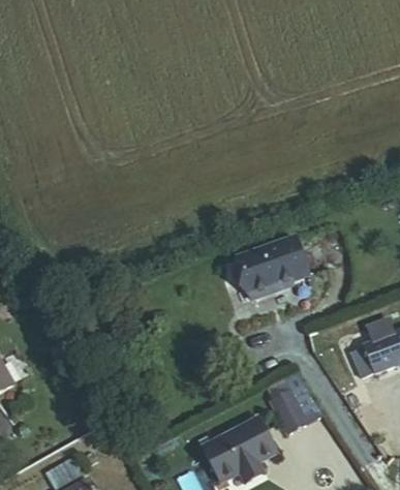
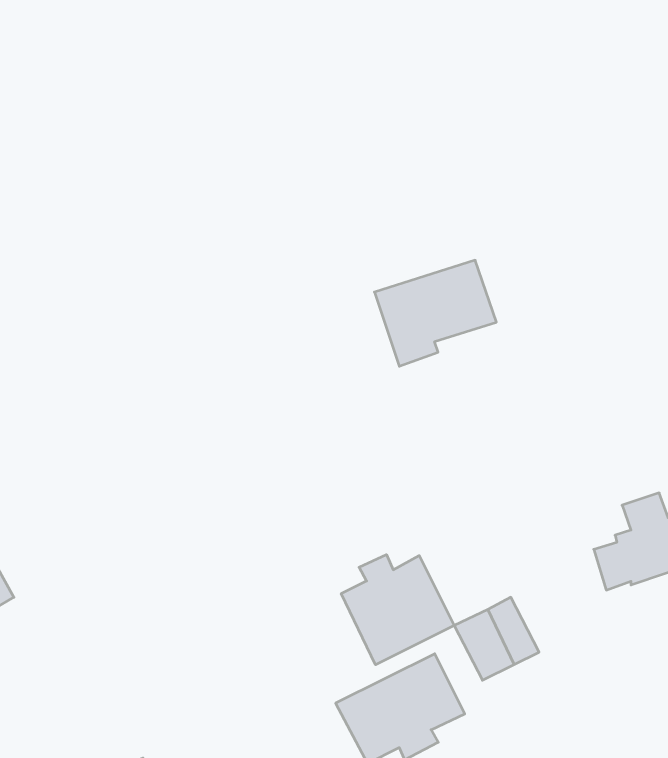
building: [238,235,309,297] -> [374,260,496,366]
building: none -> [341,555,454,665]

